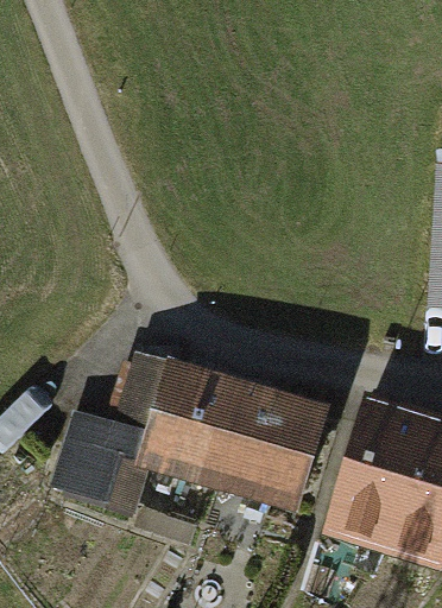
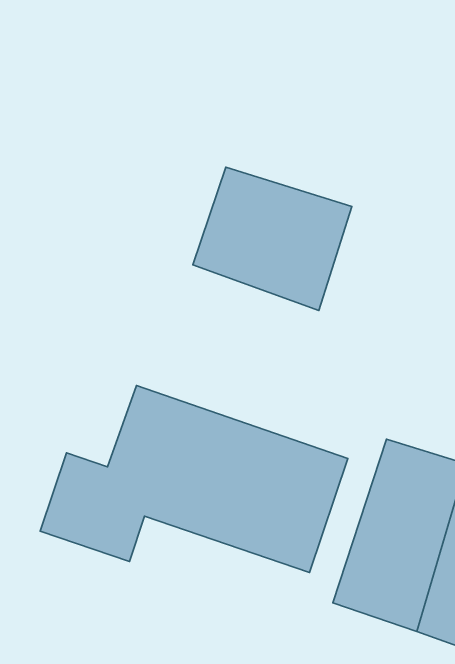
building: none -> [193,167,352,311]

